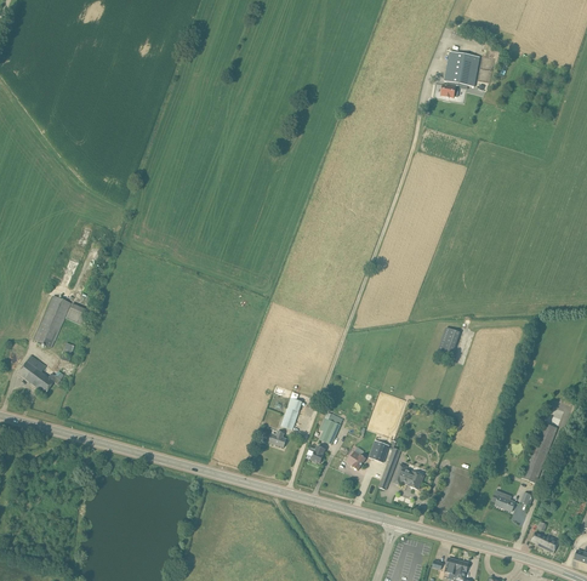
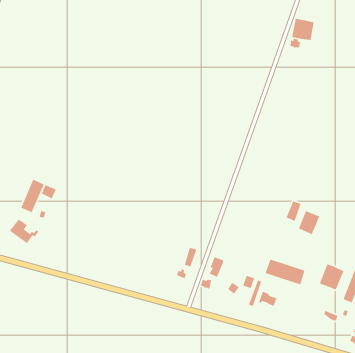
building: none -> [298,210,320,235]
building: none -> [264,259,305,286]
building: none -> [319,263,345,290]

